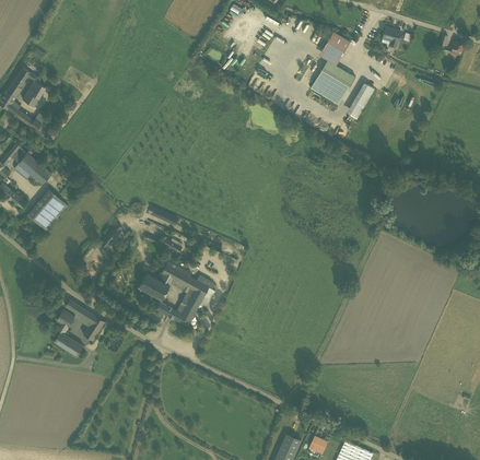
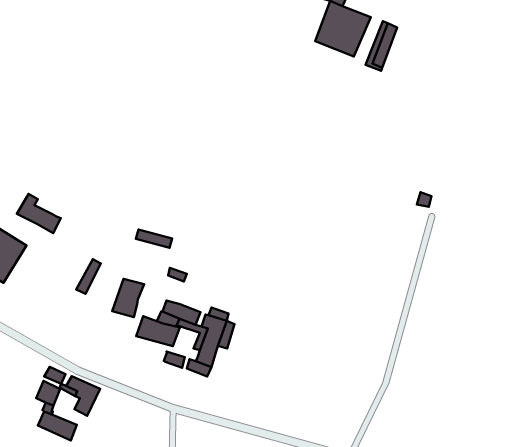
building: none -> [17,194,61,233]
building: none -> [112,279,144,317]

